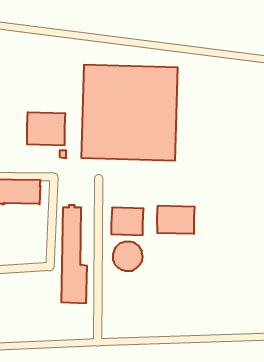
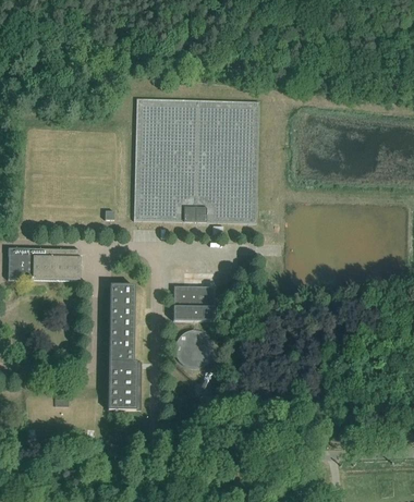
building: [27,112,65,145] -> none
building: [157,206,194,234] -> none

